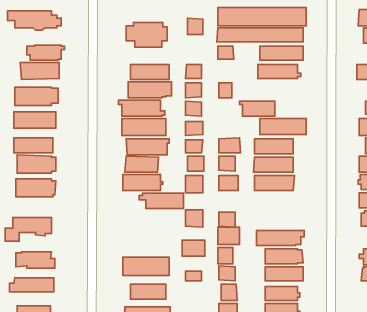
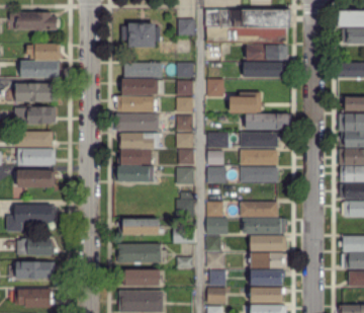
building: [139,193,184,208] -> [116,219,158,233]
building: none -> [241,202,276,217]

